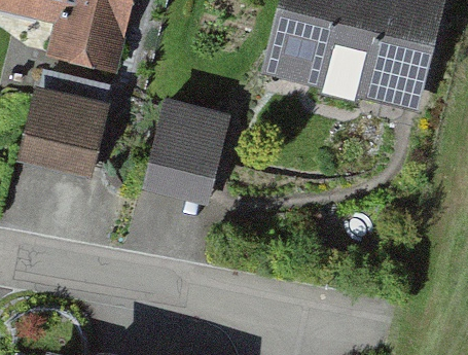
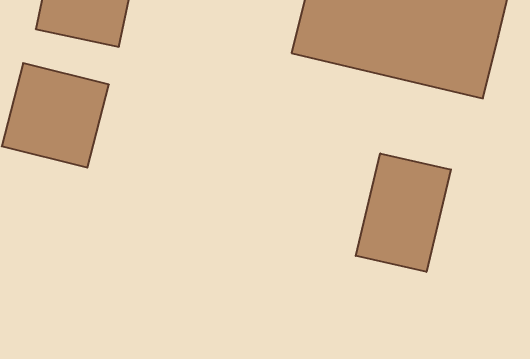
building: [146,101,224,200] -> none
building: none -> [356,153,451,272]

